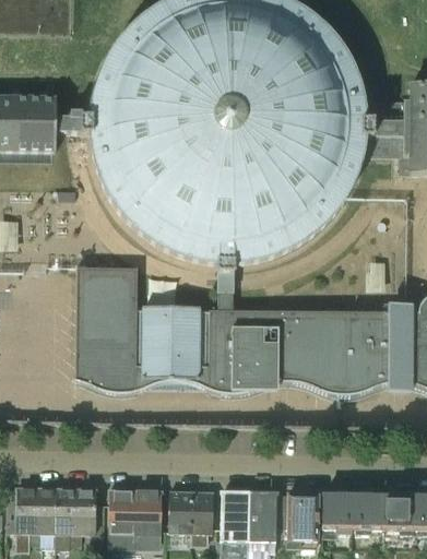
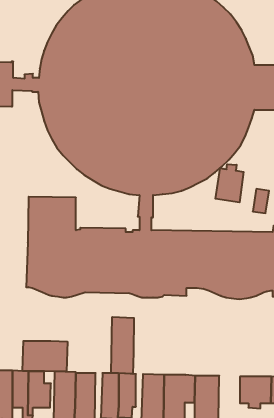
building: none -> [215,164,244,202]
building: none -> [111,317,134,374]
building: none -> [22,341,67,372]
building: [322,493,352,534] -> none

